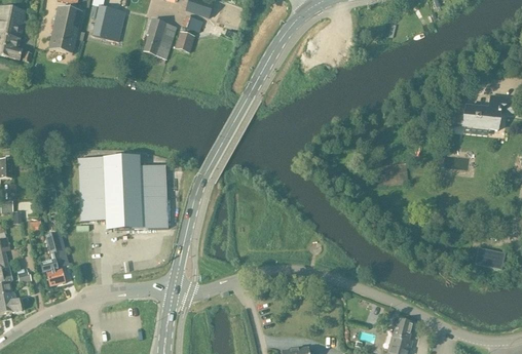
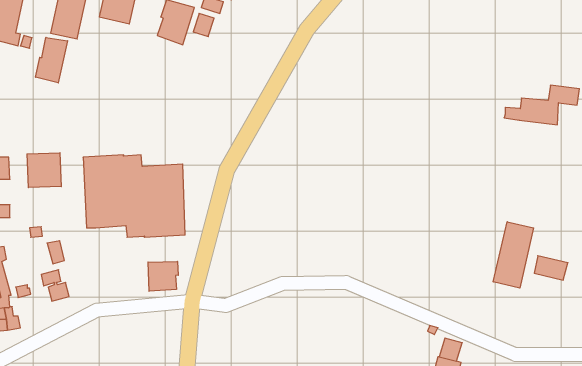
building: none -> [36,37,68,83]
building: none -> [27,153,61,188]
building: none -> [493,222,534,288]
building: none -> [148,261,178,291]

